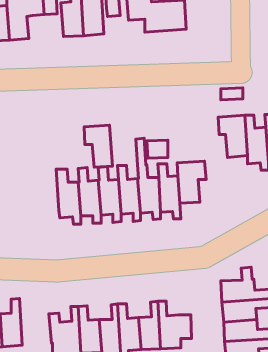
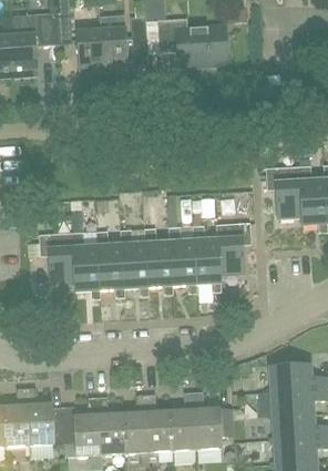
building: [84,125,112,167] -> [39,231,73,281]
building: none -> [25,386,64,443]

